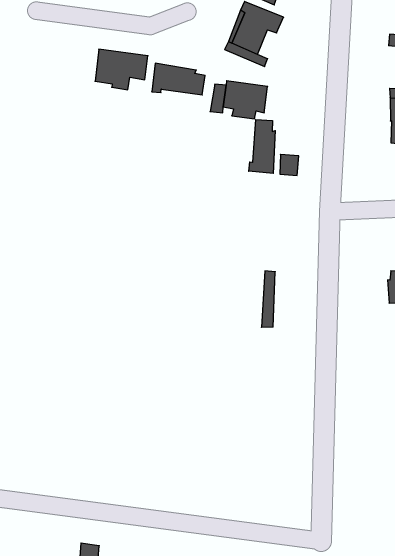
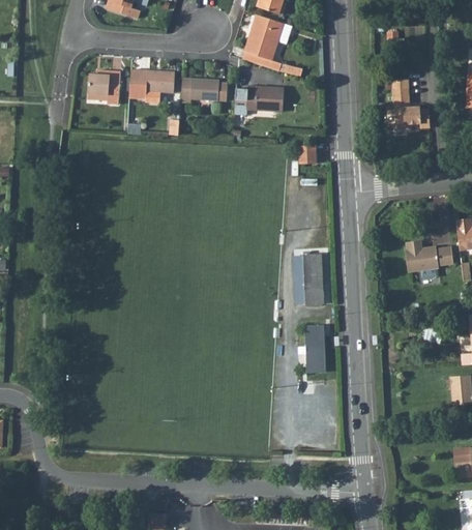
building: none -> [86,69,118,104]
building: [249,120,275,173] -> none
building: none -> [303,254,323,303]
building: none -> [305,325,327,374]

